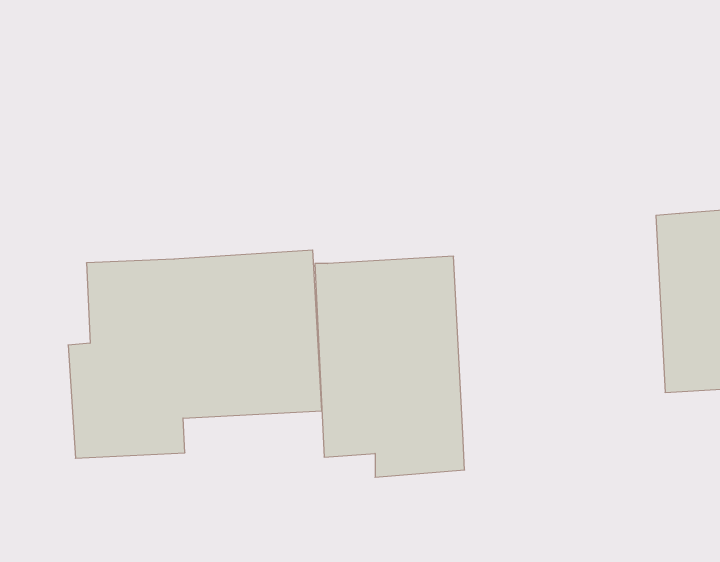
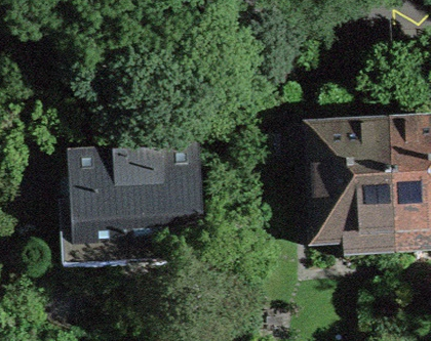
building: [315,256,465,477] -> [310,124,394,248]

